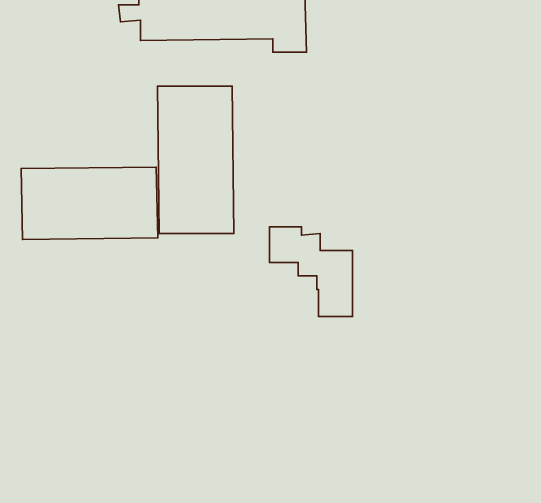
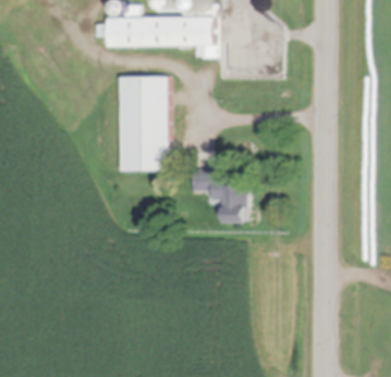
building: [21,167,158,240] -> none

